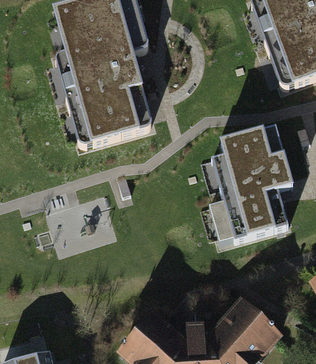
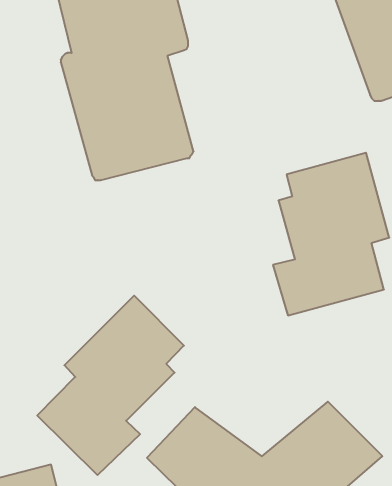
building: none -> [37,296,184,475]

